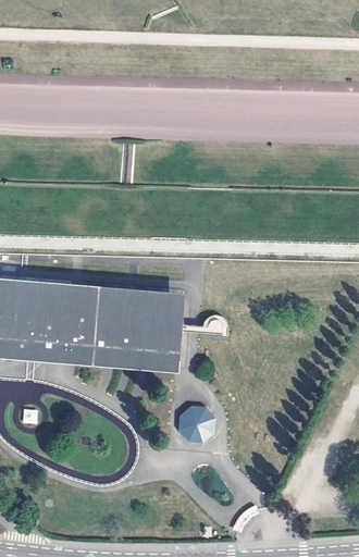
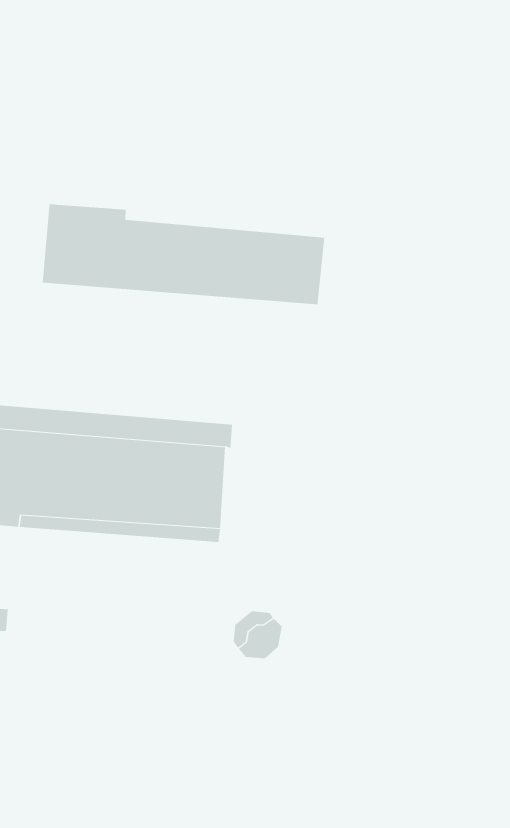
building: none -> [42,203,325,305]

